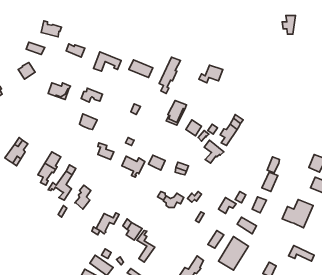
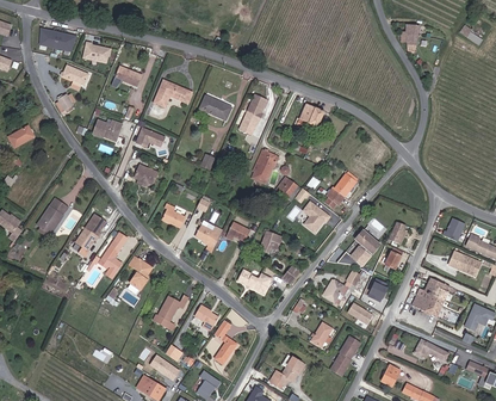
building: none -> [37,27,76,54]
building: none -> [334,227,374,265]

